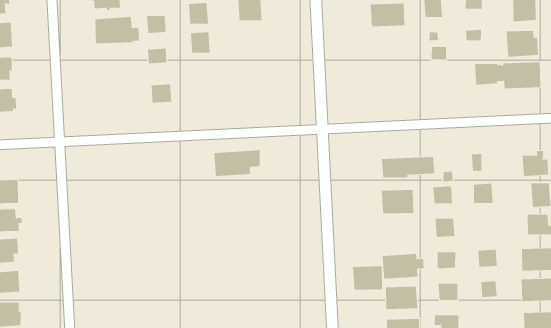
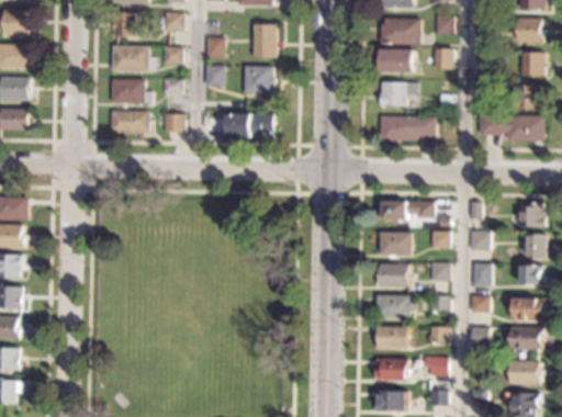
building: none -> [243,66,274,93]
building: none -> [380,82,418,106]
building: none -> [111,79,151,103]
building: none -> [380,116,435,142]
building: none -> [110,111,148,134]
building: [213,150,261,176] -> [226,114,272,137]
building: none -> [471,262,491,286]
building: [352,266,383,290] -> [380,263,409,288]

